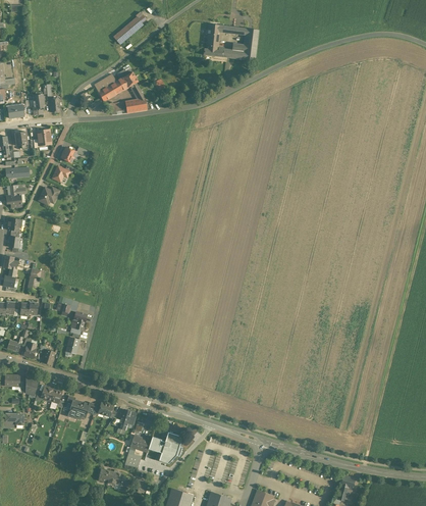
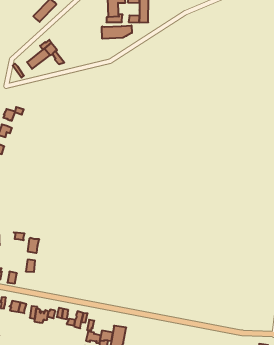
building: none -> [102,25,132,39]

